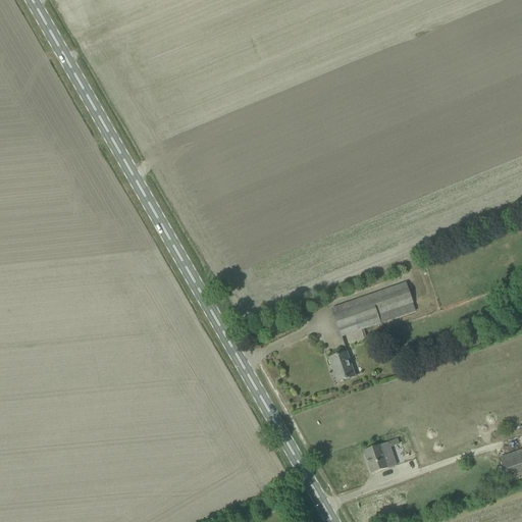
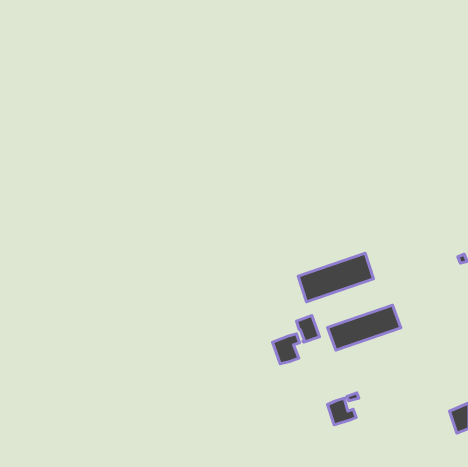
building: none -> [327,305,401,350]
building: none -> [272,334,300,364]

